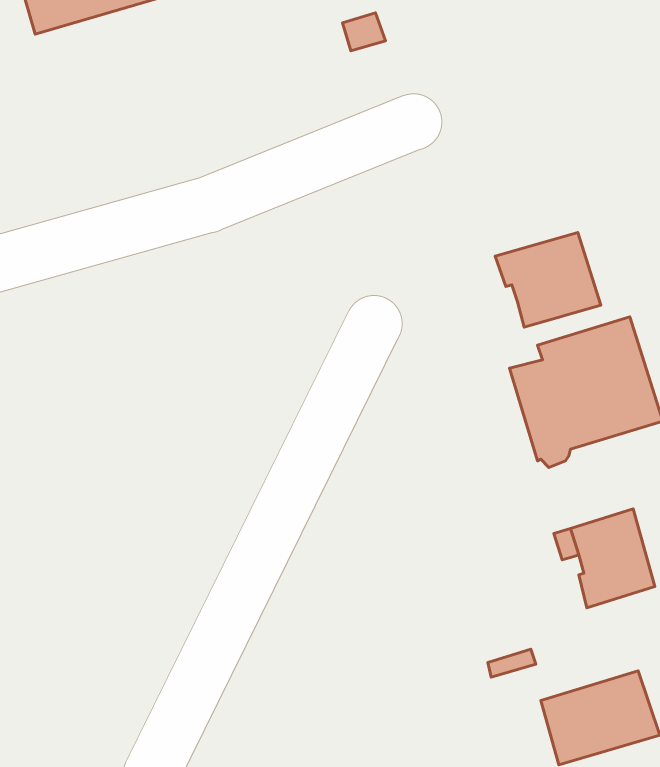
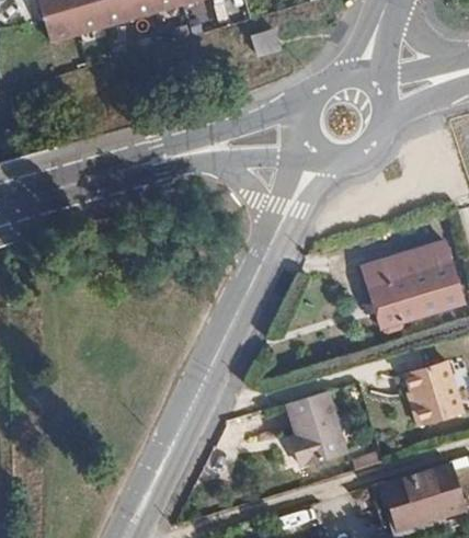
building: [495,233,601,327] -> none
building: none -> [285,390,346,467]

